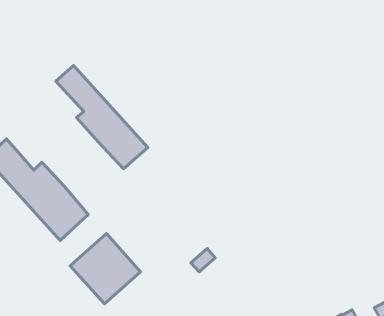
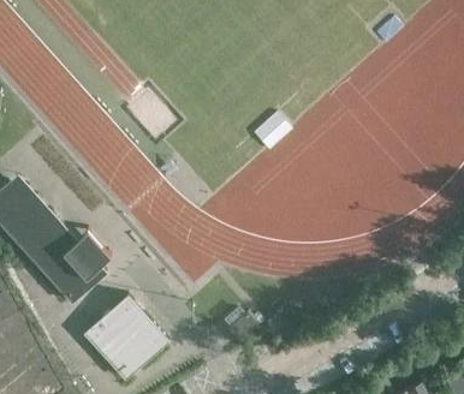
building: [56,65,148,169] -> none

